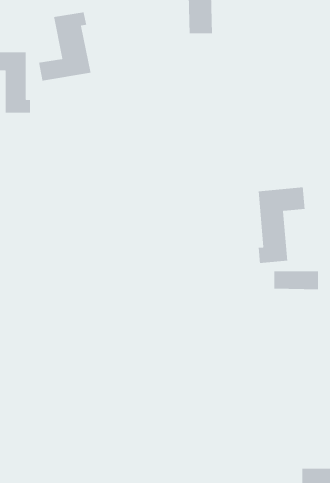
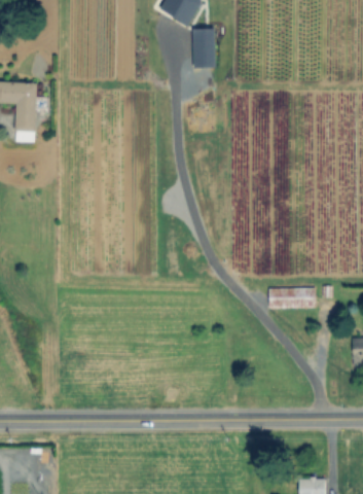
building: [38,11,91,82] -> none
building: [258,186,305,264] -> none

